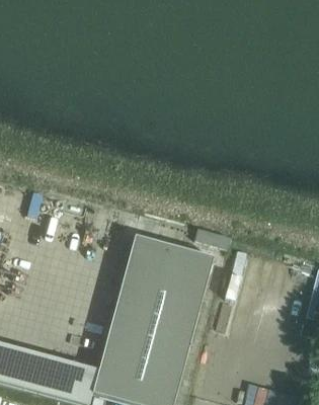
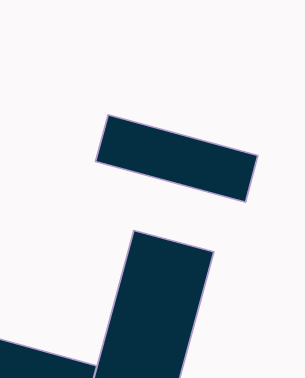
building: none -> [96,115,258,202]

